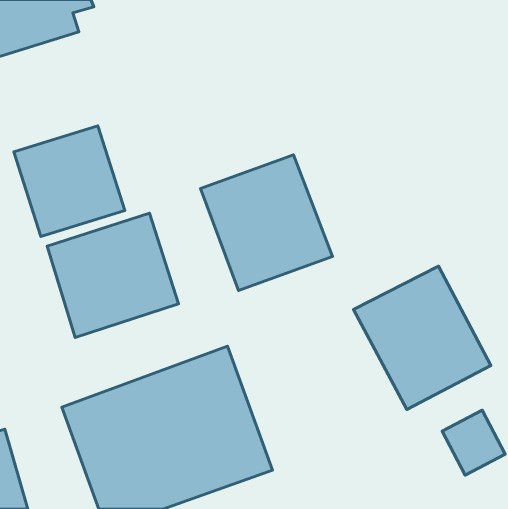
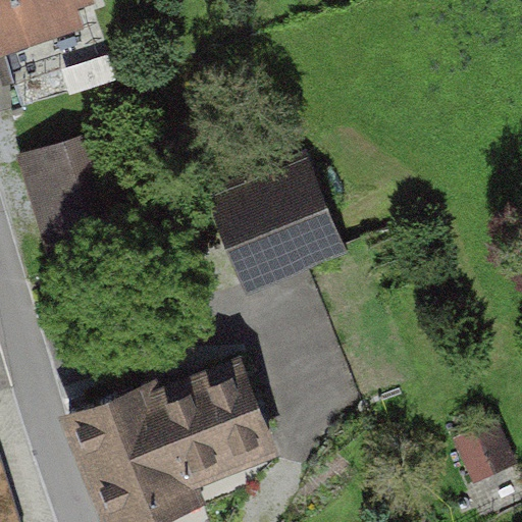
building: [47,213,178,338] -> none
building: [354,266,491,410] -> none

